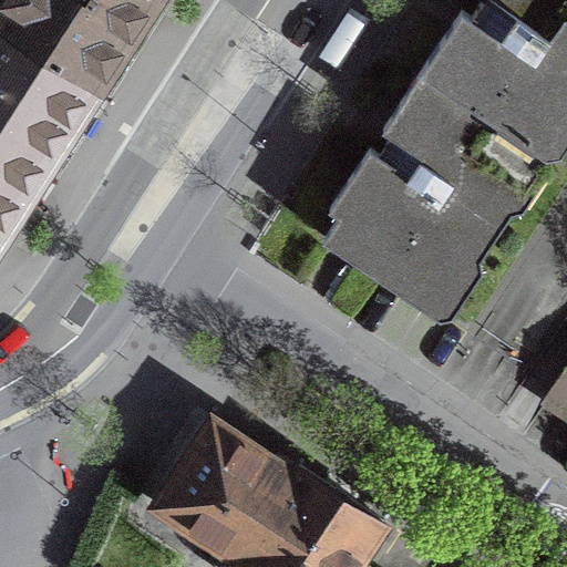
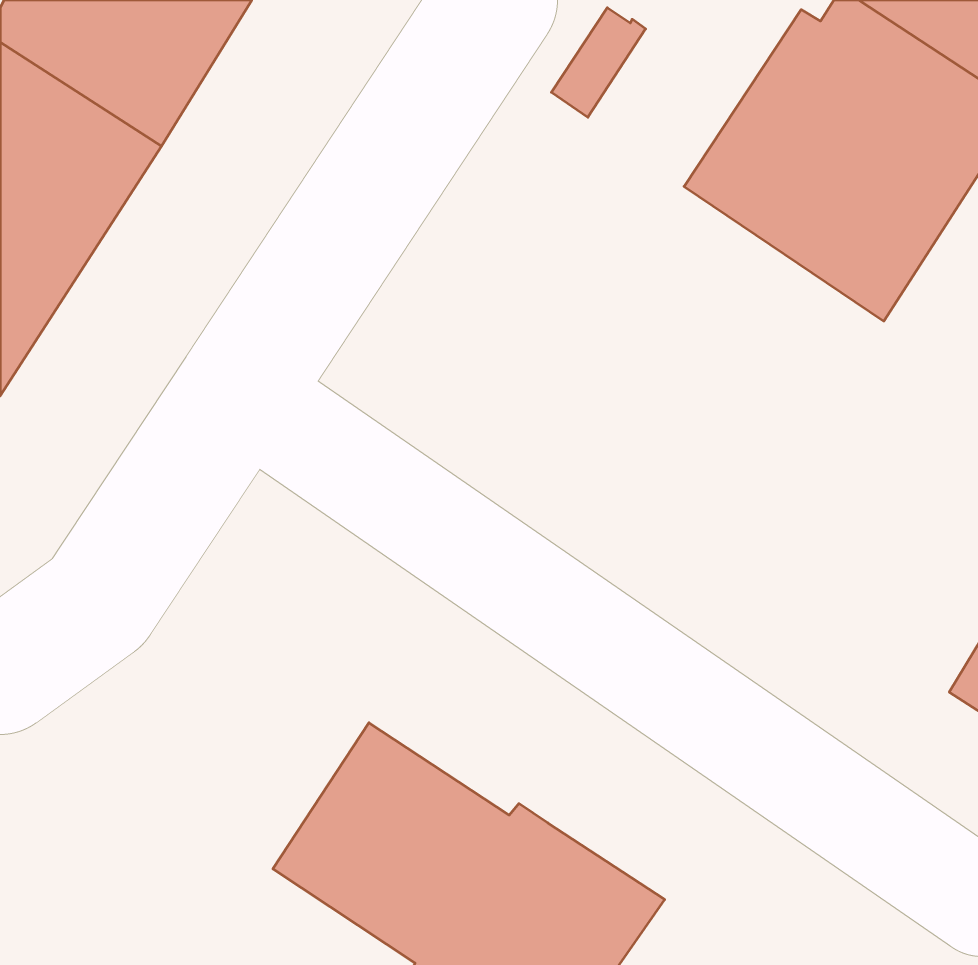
building: [326,117,512,316] -> none

